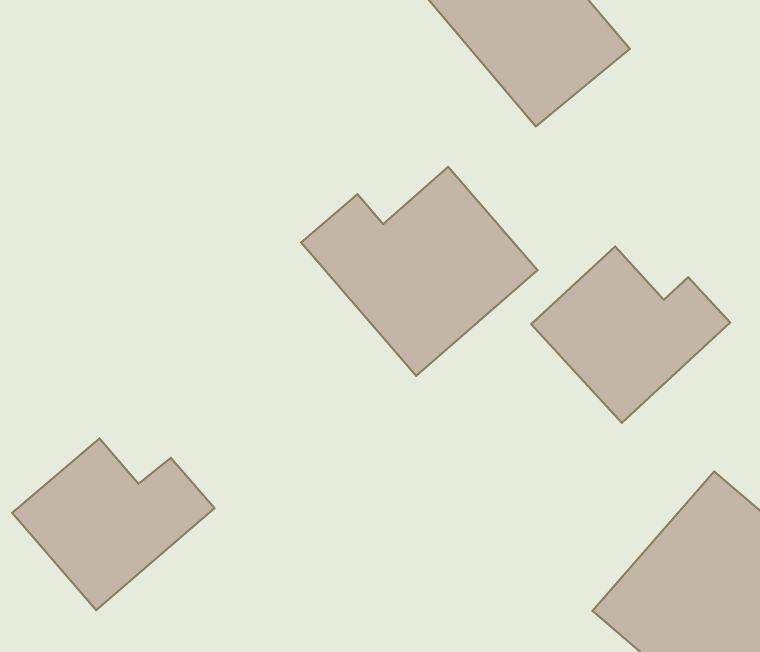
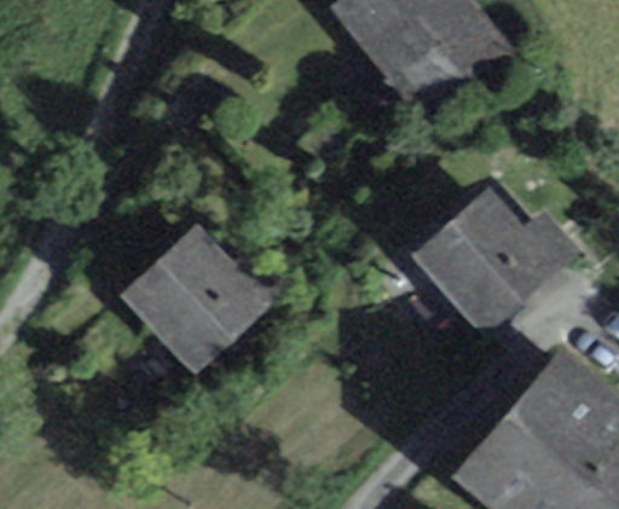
building: [301,167,538,376] -> none
building: [12,438,215,610] -> [126,236,277,364]

